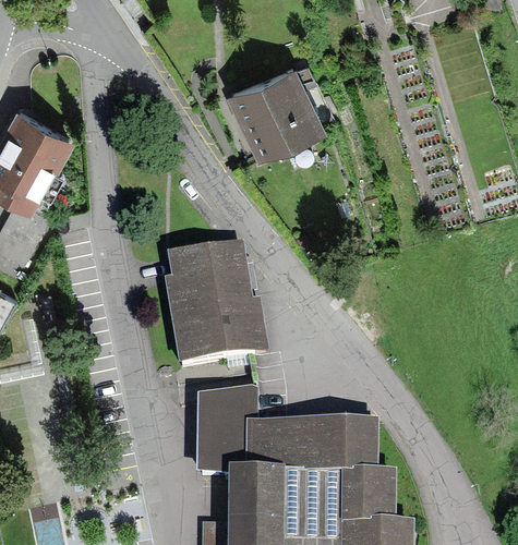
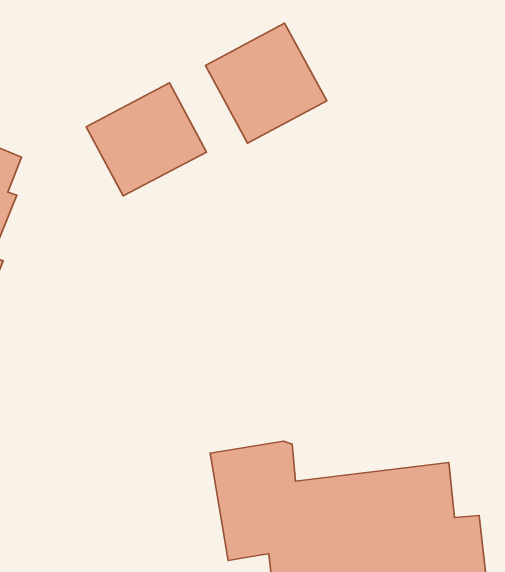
building: none -> [86,83,206,196]
building: [165,244,268,367] -> none

